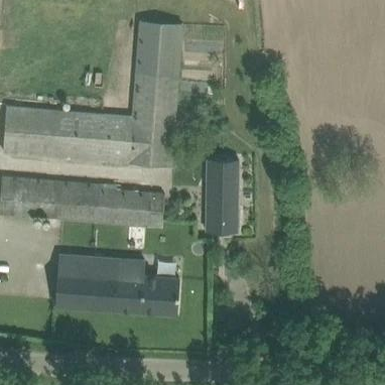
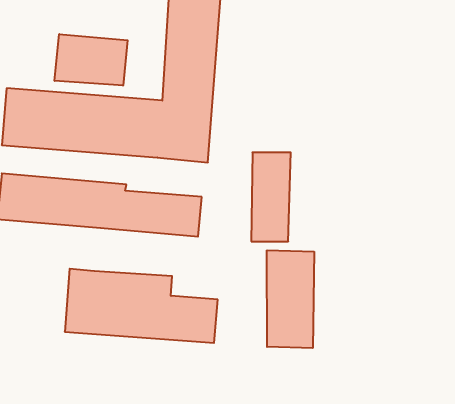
building: none -> [55,34,128,86]
building: none -> [267,250,314,348]

